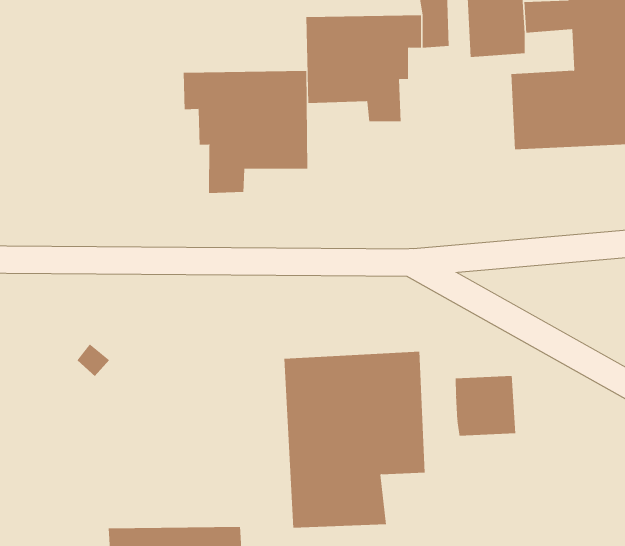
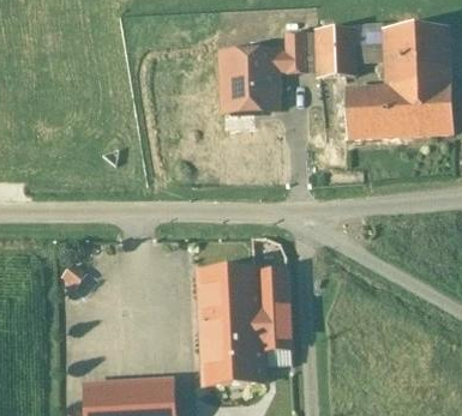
building: [183,70,308,194] -> none
building: [455,375,516,437] -> none

